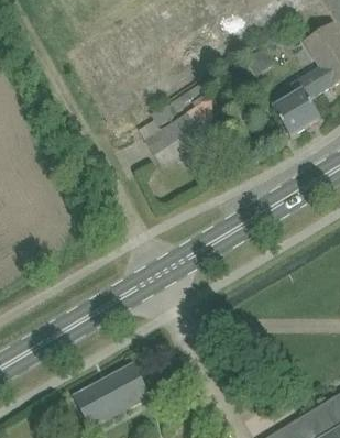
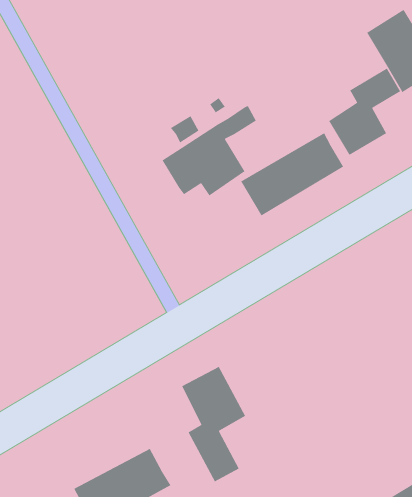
building: none -> [240,132,344,217]
building: none -> [181,366,246,482]

